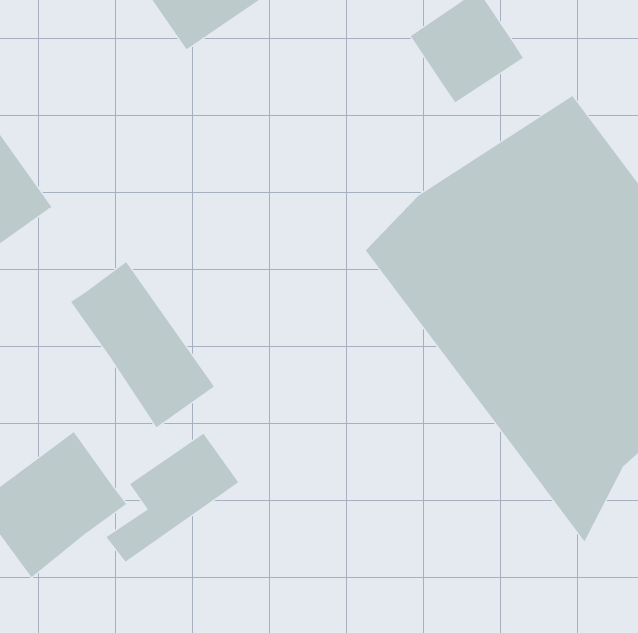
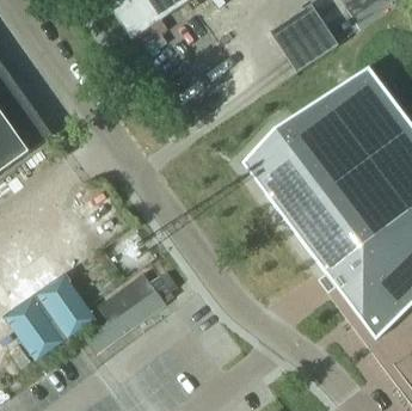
building: [70,261,215,428] -> none

